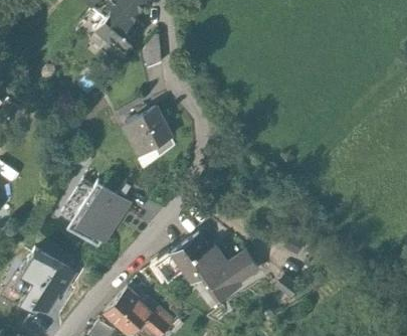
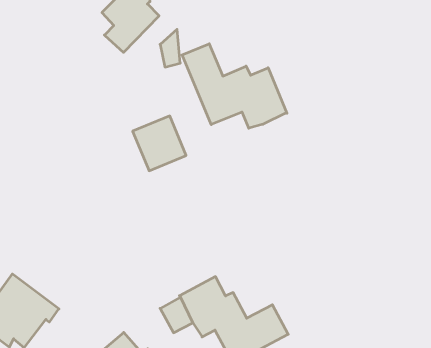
building: none -> [182,44,287,128]
building: [62,180,129,244] -> none

